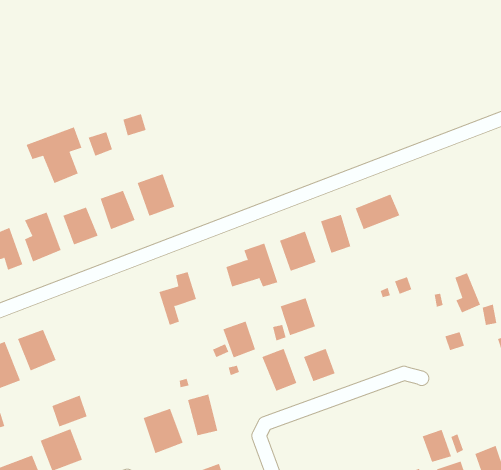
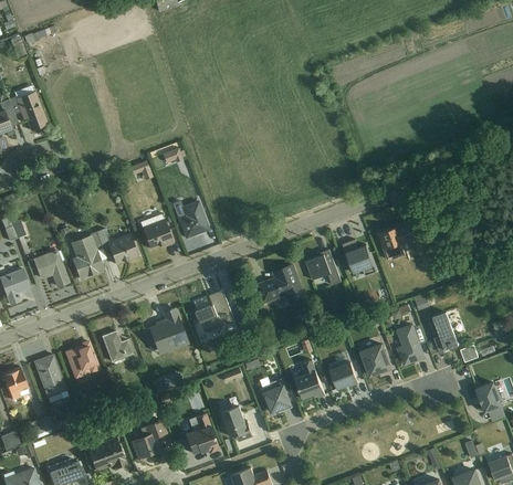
building: [26,126,82,184] -> none
building: [454,273,481,313] -> [433,314,458,351]
building: none -> [145,308,187,350]
building: [280,298,316,336] -> [358,341,391,377]
building: none -> [395,323,426,366]
building: none -> [100,329,135,367]
building: [222,321,256,358] -> [261,380,292,414]
building: [51,395,87,427] -> [128,432,161,462]
building: [422,429,452,463] -> [475,381,503,412]

